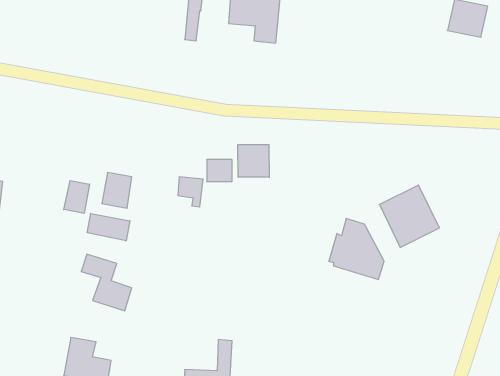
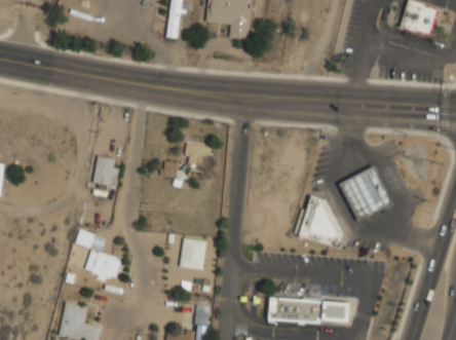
building: [238,145,269,177] -> none
building: [64,181,90,213] -> none
building: [87,213,130,241] -> none
building: none -> [180,237,206,269]
building: none -> [267,297,349,324]

